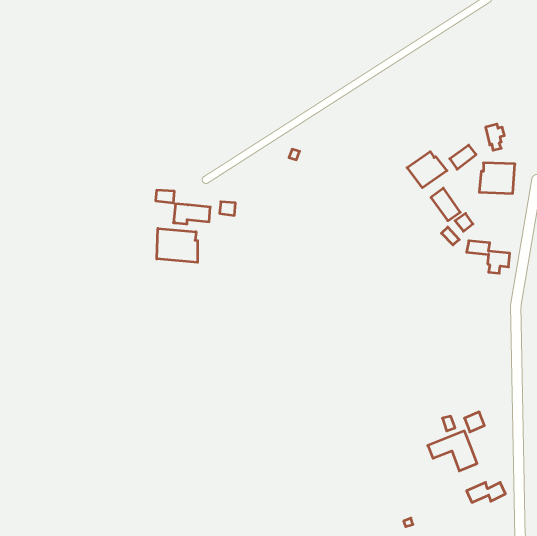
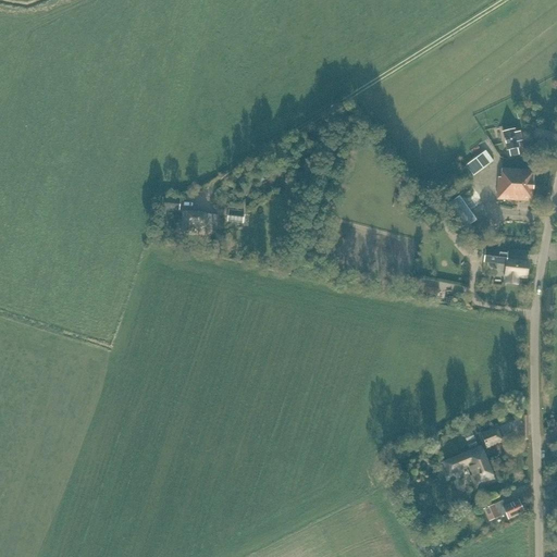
building: [407,152,447,188] -> none
building: [157,228,198,262] -> none

